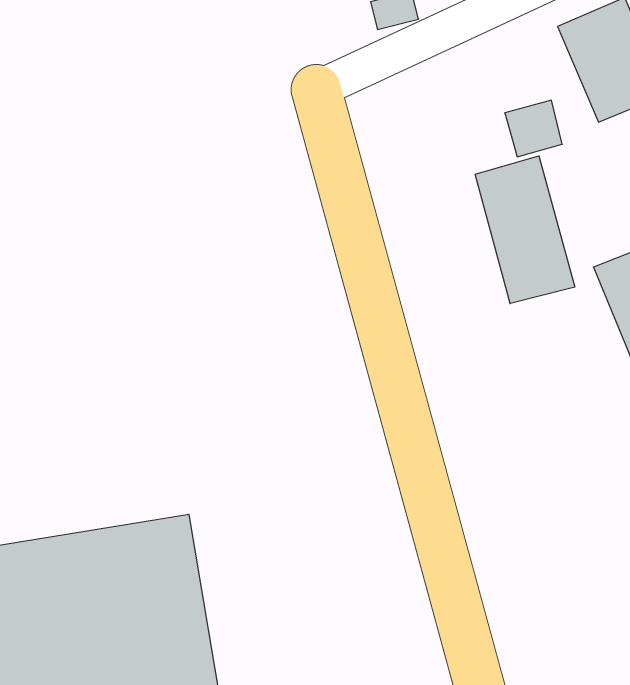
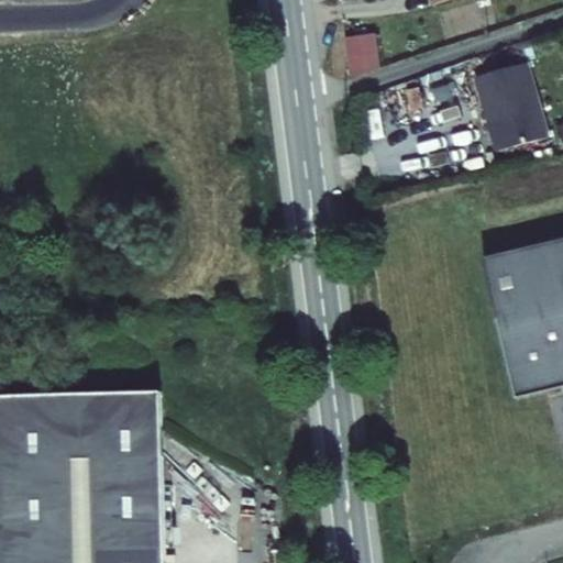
building: [475,156,575,304] -> none

